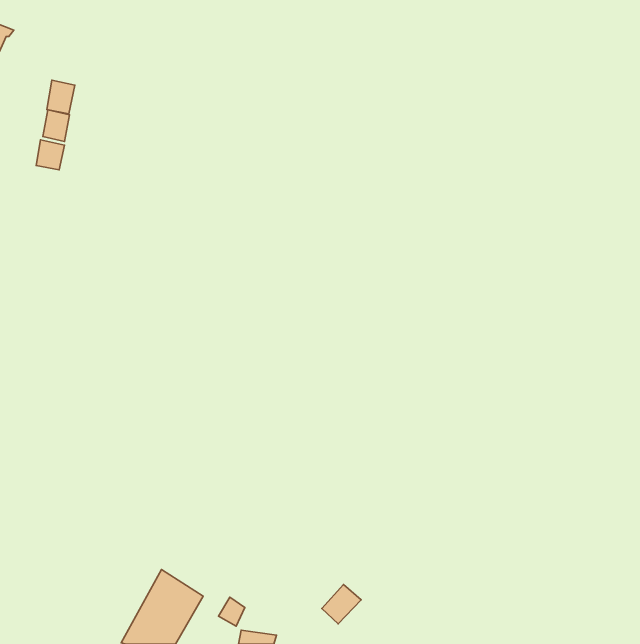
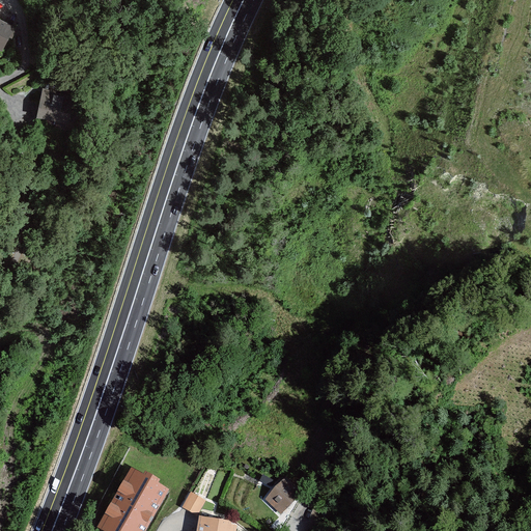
building: [47,80,75,114] -> none
building: [36,140,64,170] -> none

